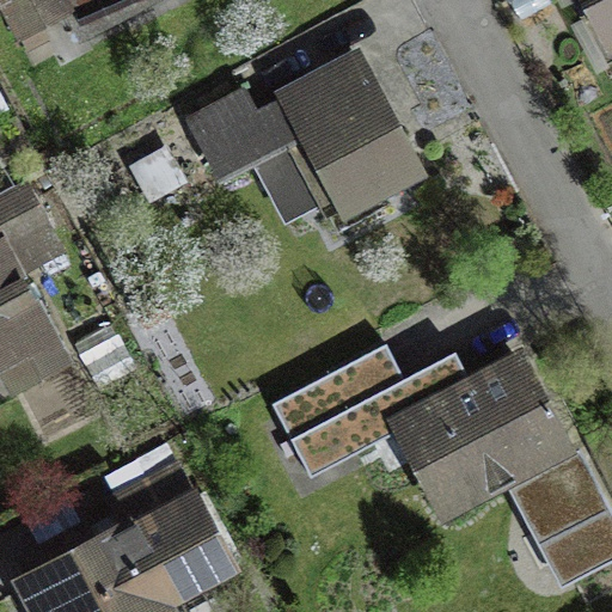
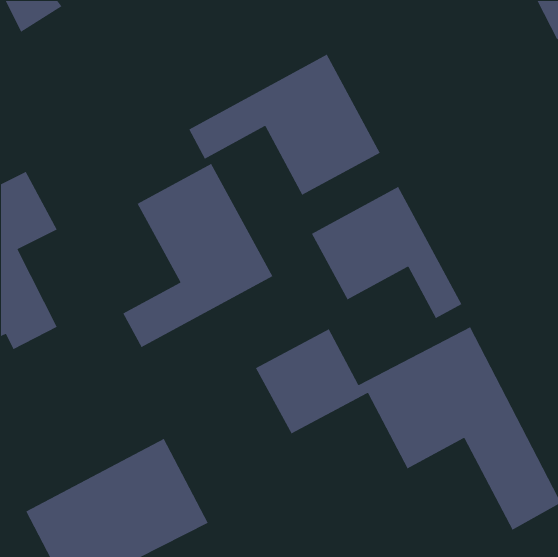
building: none -> [122,163,273,348]
building: none -> [311,186,462,319]

